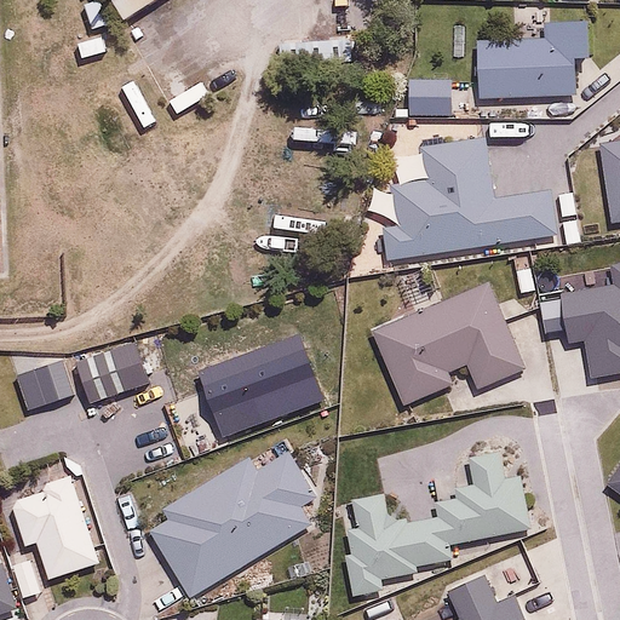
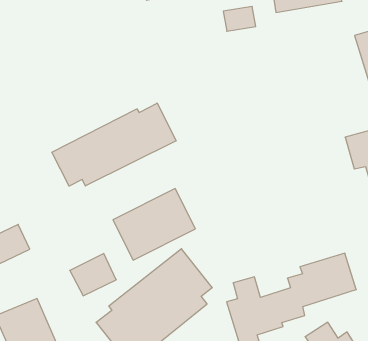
building: [379,138,556,263] -> none
building: none -> [52,103,176,186]
building: [371,279,527,406] -> none
building: [76,346,143,404] -> [70,254,116,296]

